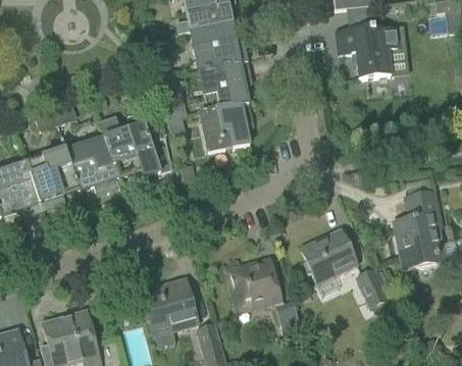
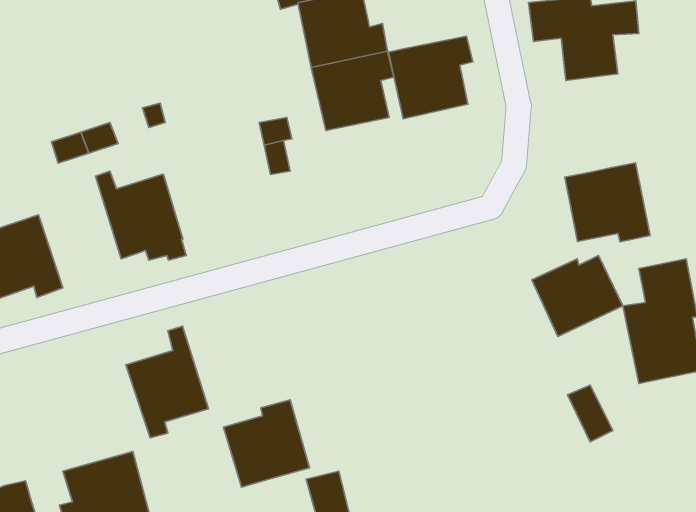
building: [198,100,251,152] -> [388,36,473,119]
building: [99,116,160,176] -> none
building: none -> [565,163,650,242]
building: [27,137,79,207] -> [126,326,209,438]
building: [300,230,357,281] -> [532,255,623,337]
building: [225,258,302,336] -> none

